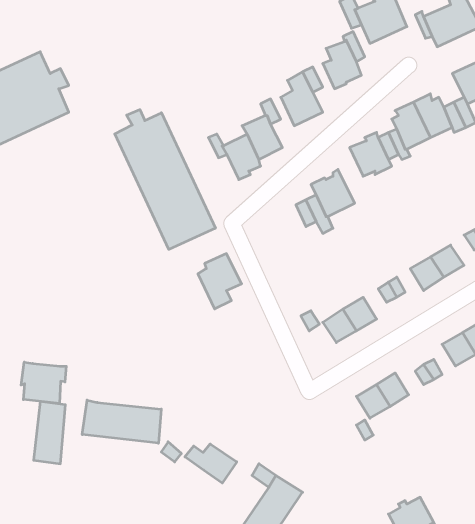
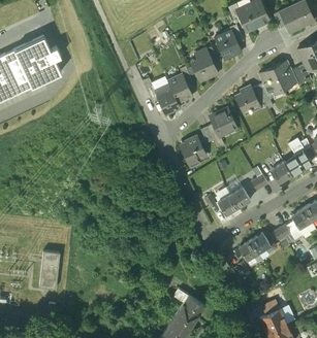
building: [115,110,215,249] -> none
building: [198,254,242,309] -> [180,135,207,169]
building: [21,362,66,404] -> none
building: [82,400,161,443] -> none
building: [185,444,237,483] -> none

